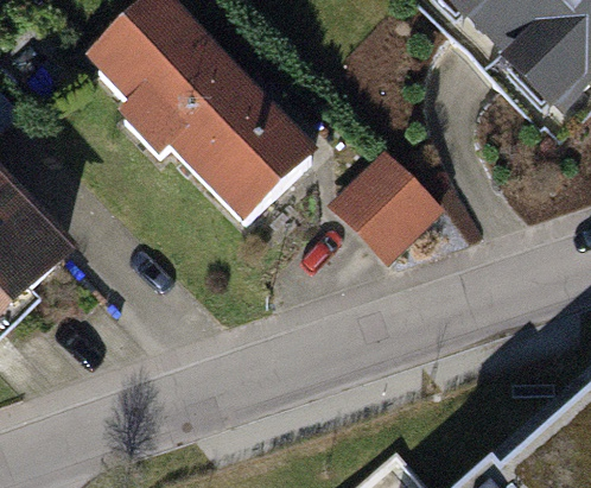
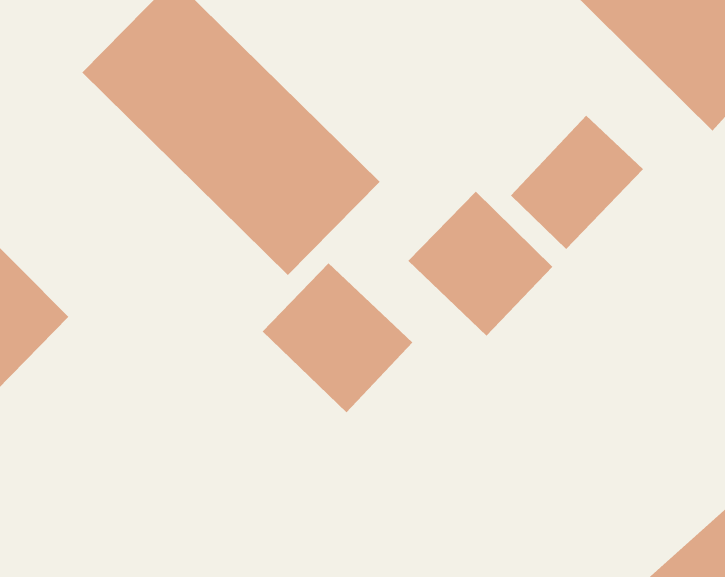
building: none -> [510,115,644,250]
building: none -> [262,262,413,413]

